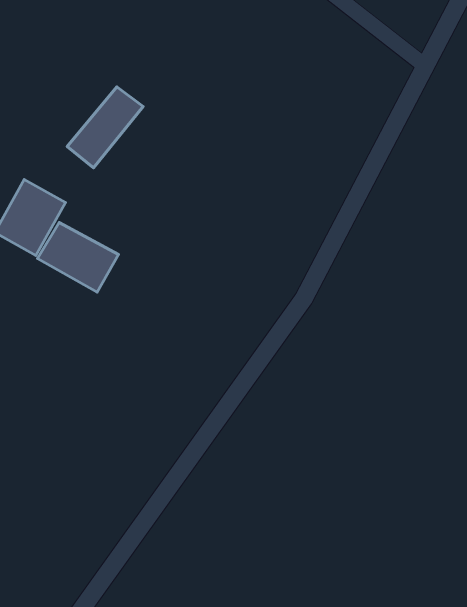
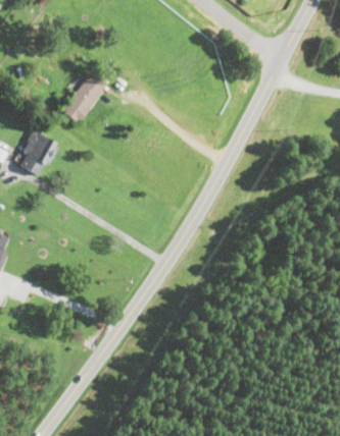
building: [38,223,118,292] -> none

